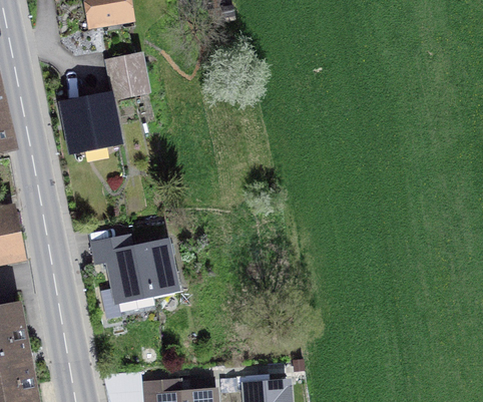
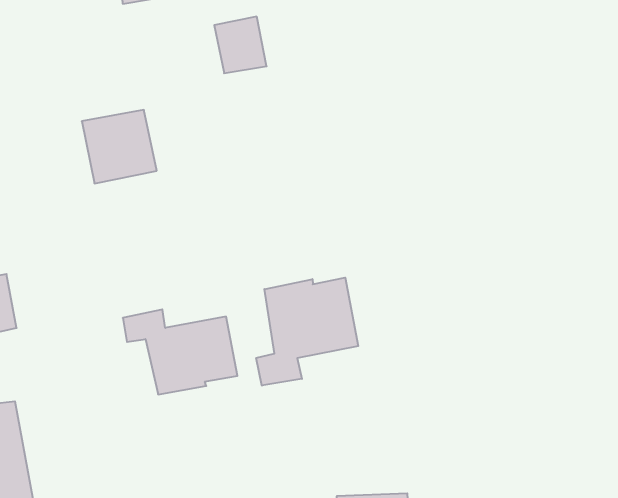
building: [109,56,146,96] -> [214,17,267,73]
building: none -> [256,278,358,386]

